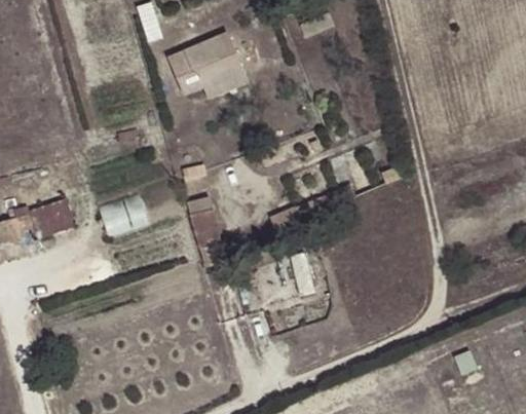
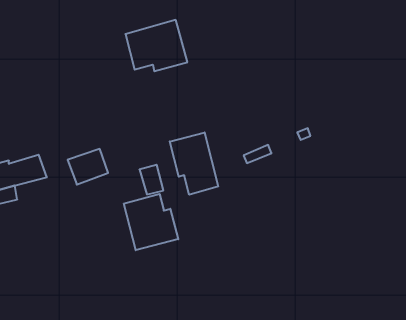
building: none -> [170,132,218,195]
building: none -> [124,194,178,250]

